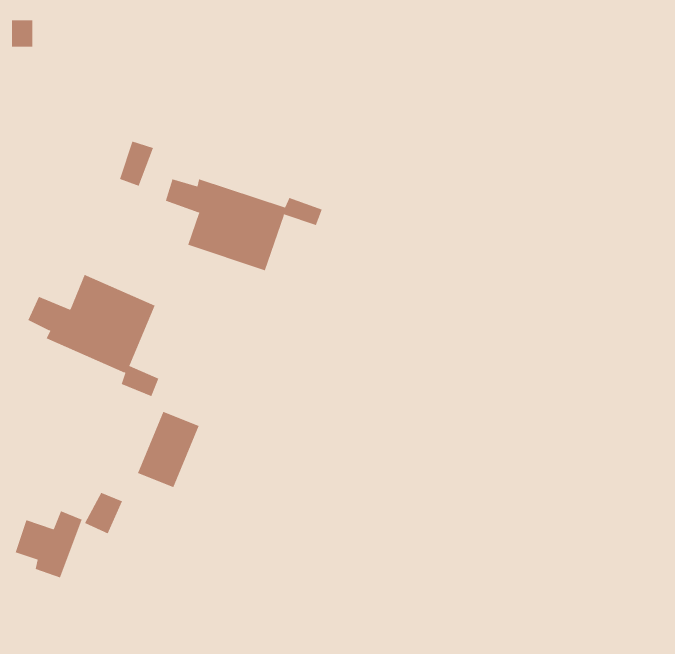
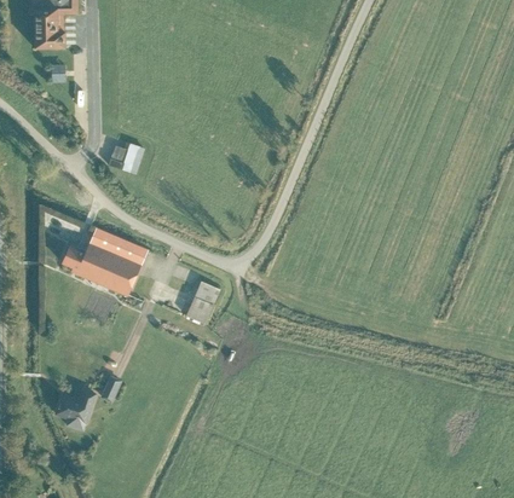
building: [165,179,322,271] -> none
building: [137,411,199,488] -> [180,276,221,326]

